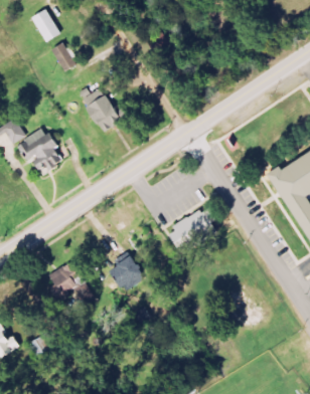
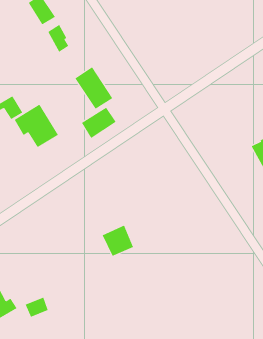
building: none -> [81,107,117,139]
building: [166,208,218,249] -> none
building: [48,261,92,305] -> none

